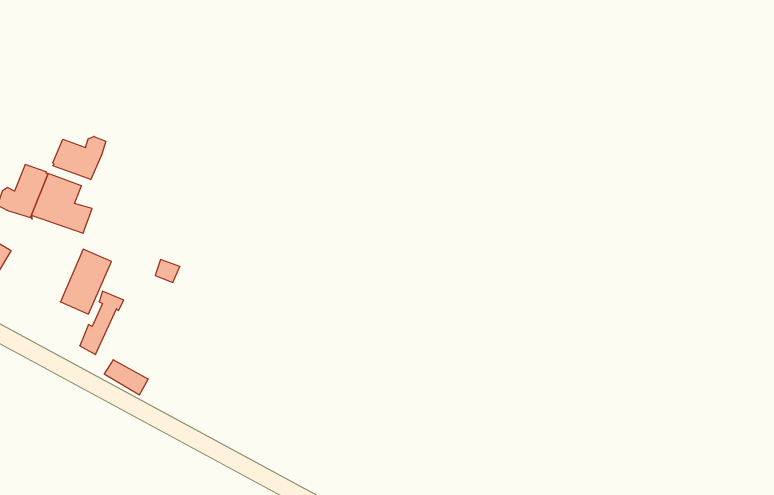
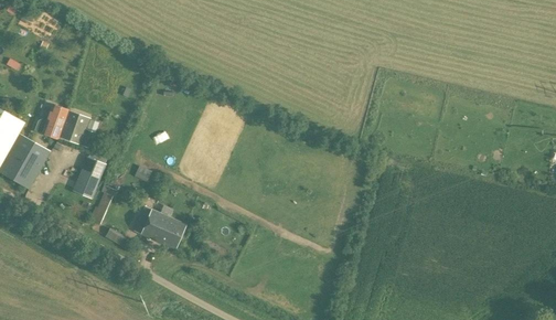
building: [53,136,106,180] -> none
building: none -> [140,210,184,248]

